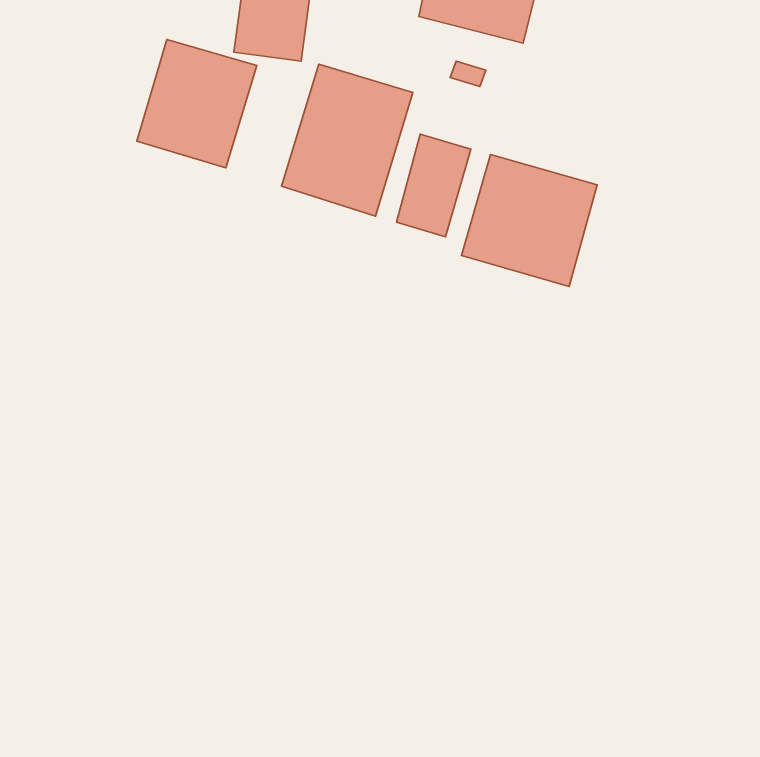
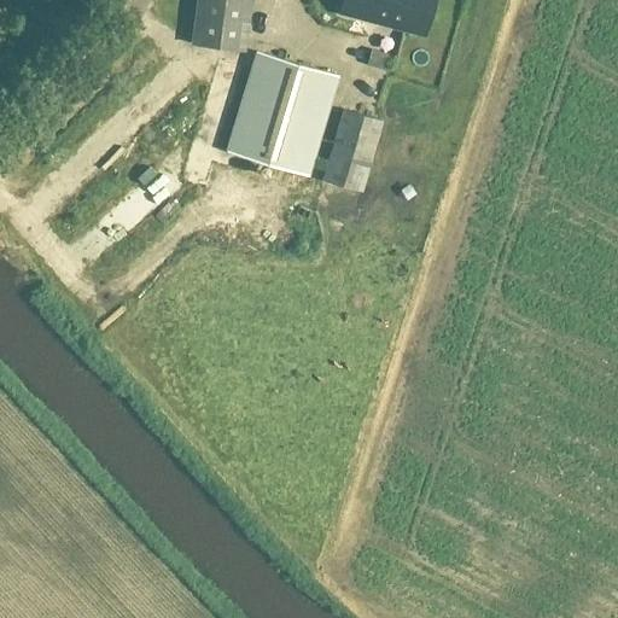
building: [137,40,257,168] -> none
building: [461,155,597,287] -> none

